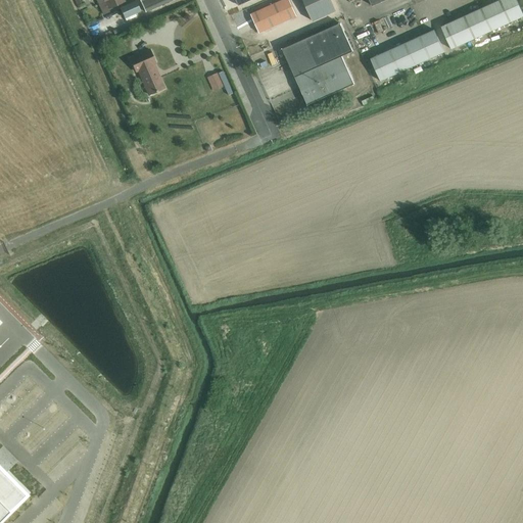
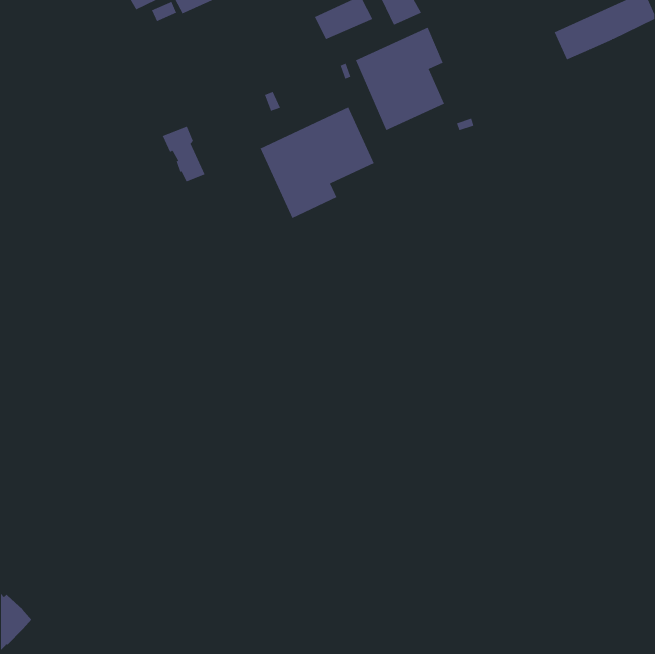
building: [371,29,444,81] -> none
building: [130,49,164,94] -> [162,126,205,182]
building: none -> [260,106,375,219]

